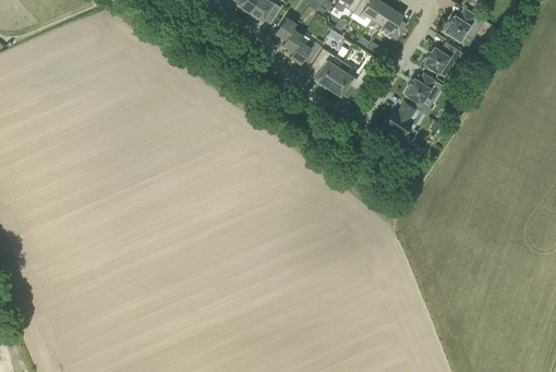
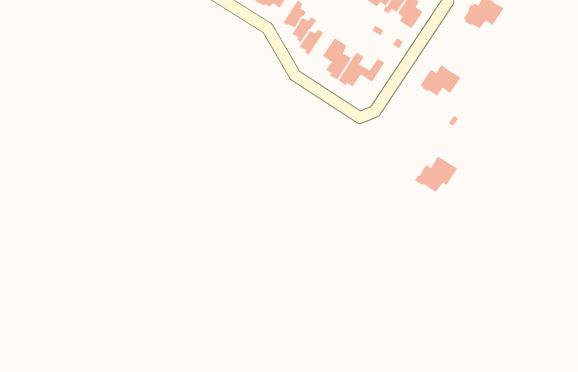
building: [423,44,462,73] -> none
building: [382,101,423,136] -> [414,156,458,193]

